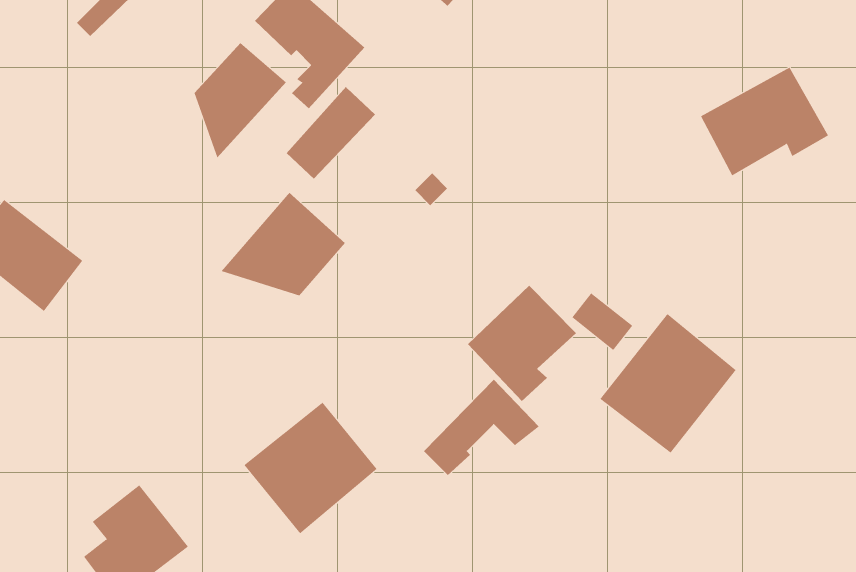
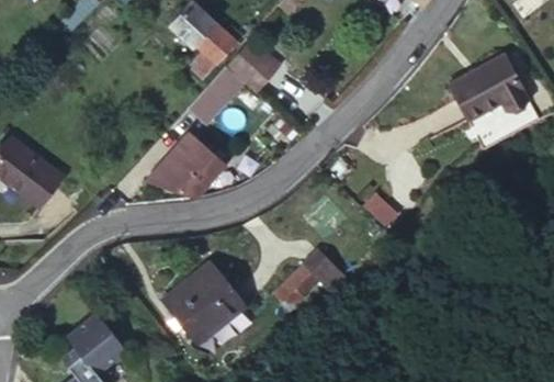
building: [194,42,287,158] -> none
building: none -> [226,40,282,93]
building: [467,285,577,402] -> none
building: [599,313,737,454] -> none

